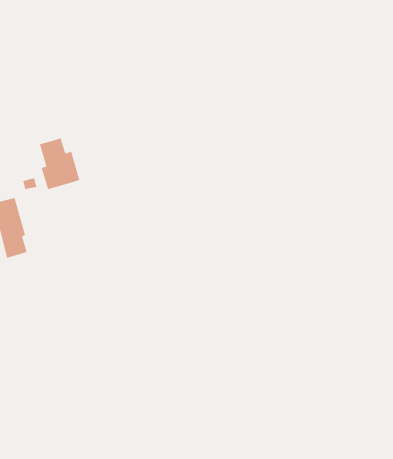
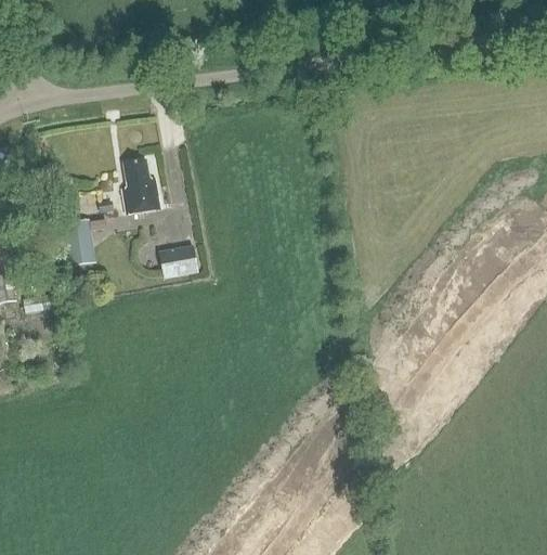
building: none -> [160,243,198,275]

